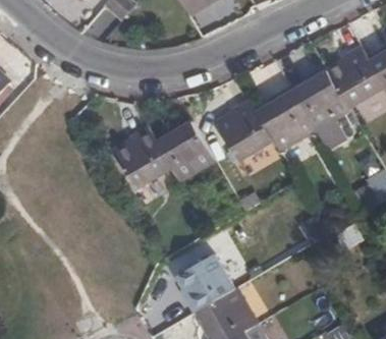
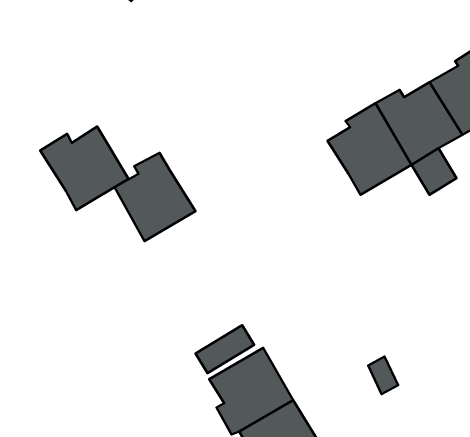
building: [217,99,273,161] -> none
building: [152,121,212,178] -> [40,126,129,210]

